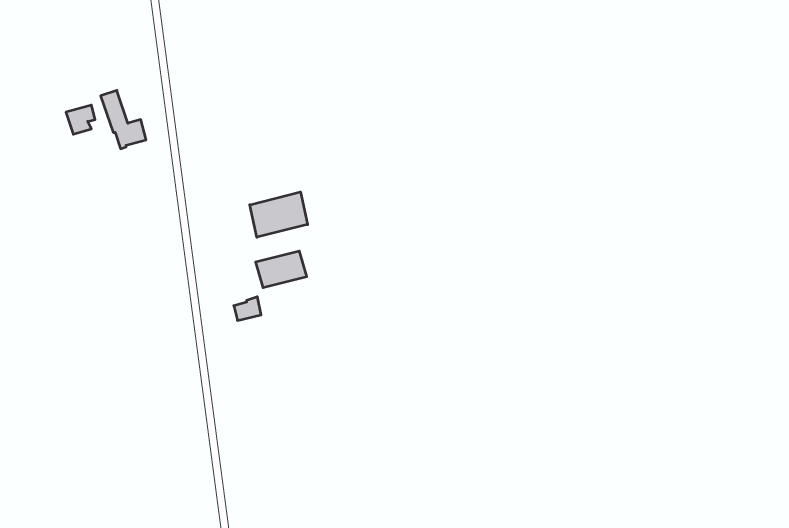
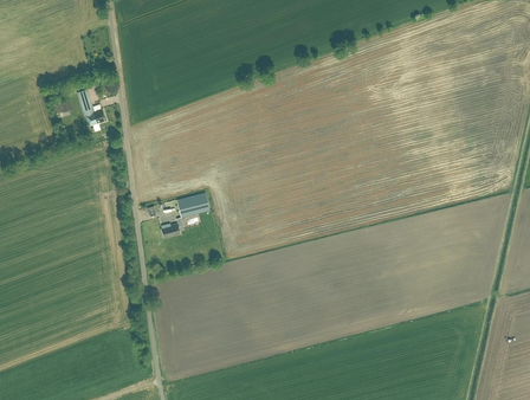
building: [250,192,308,237] -> none

